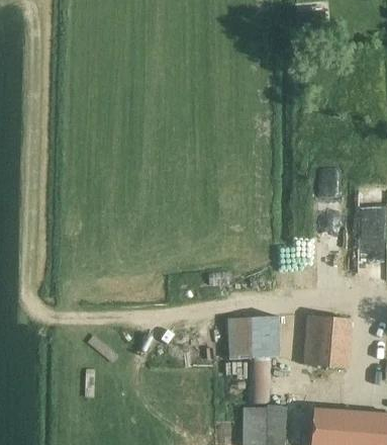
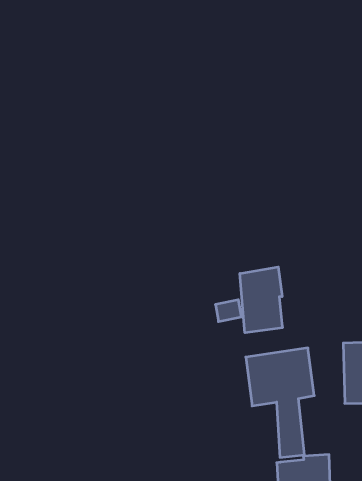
building: none -> [240,267,282,333]

